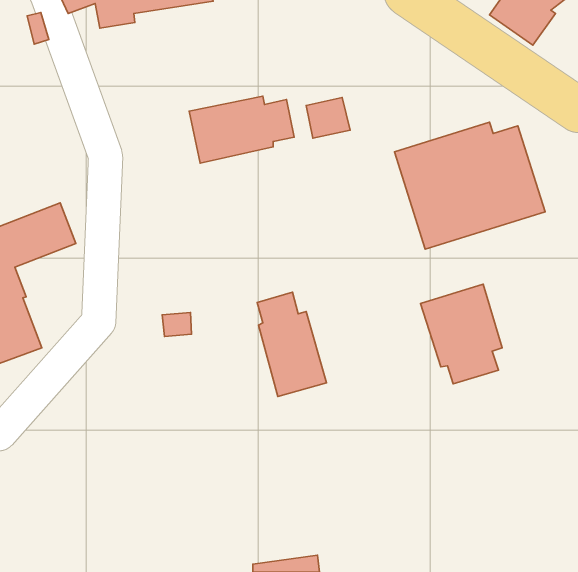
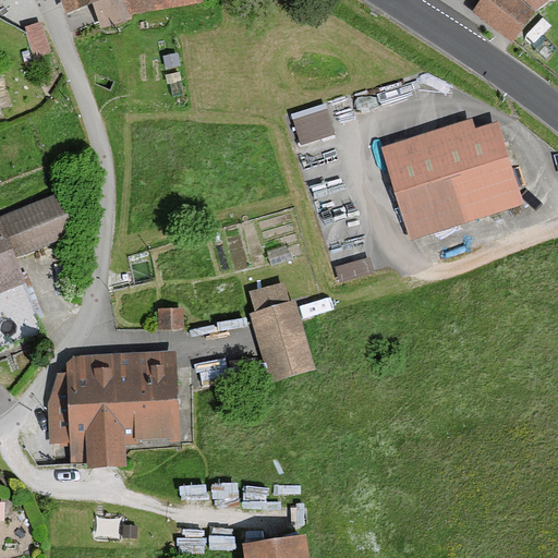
building: [189,96,294,163] -> none
building: [420,284,502,384] -> none
building: none -> [47,353,175,464]

